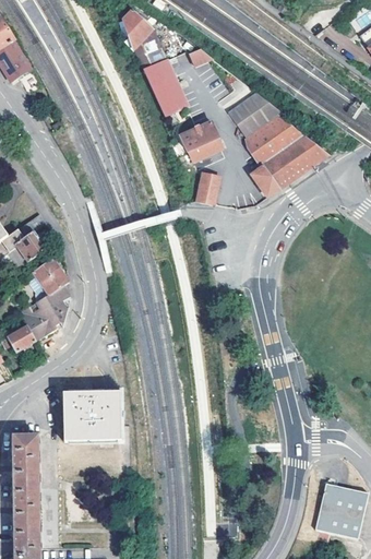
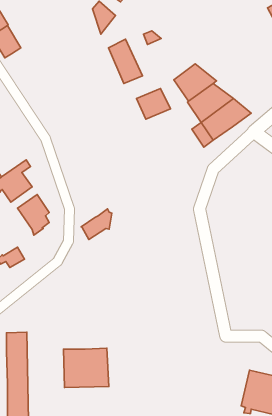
building: [196,174,218,204] -> none
building: [26,301,65,341] -> [81,209,112,239]
building: [64,391,122,441] -> [64,348,109,387]

